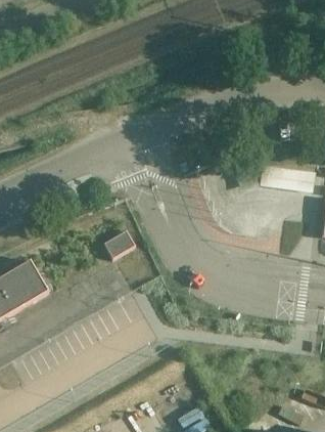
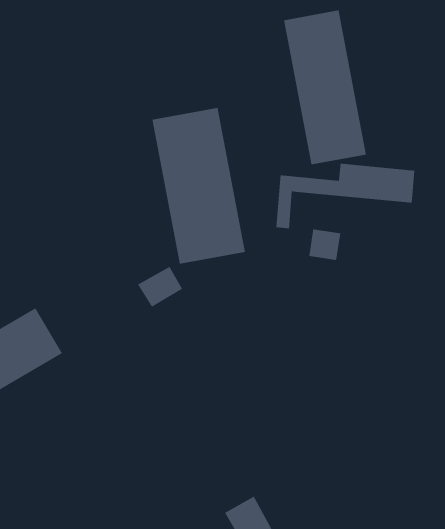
building: none -> [283,10,366,165]
building: none -> [152,107,245,265]

